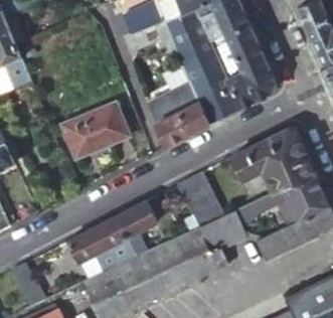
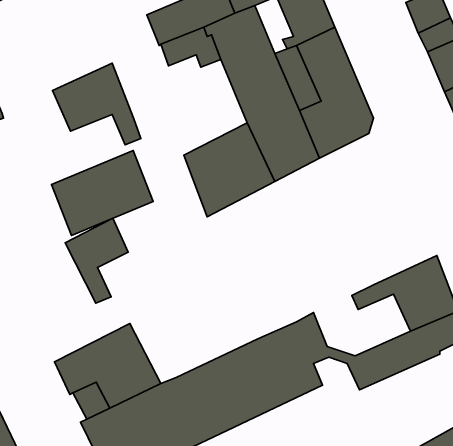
building: none -> [52,63,141,145]
building: [230,128,315,190] -> none
building: [177,171,223,225] -> none
building: [115,199,156,255] -> [65,218,128,303]

